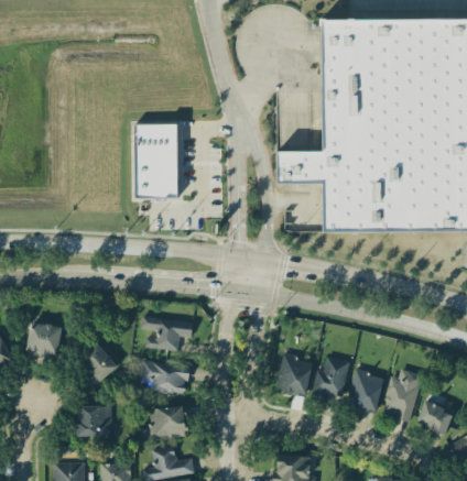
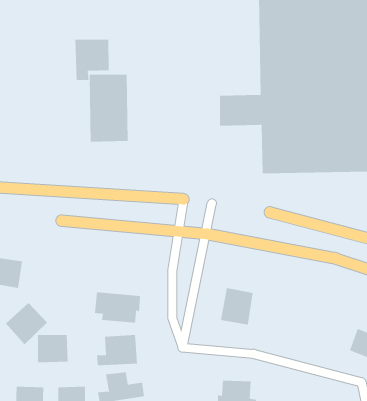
building: none -> [75,39,109,81]
building: [142,316,194,351] -> none
building: [74,341,120,387] -> [5,302,48,345]
building: [313,357,350,401] -> none
building: [381,369,424,422] -> none
building: [347,370,384,412] -> none

